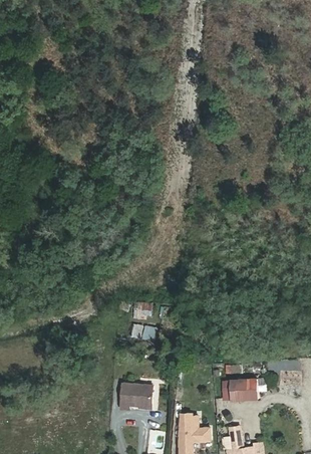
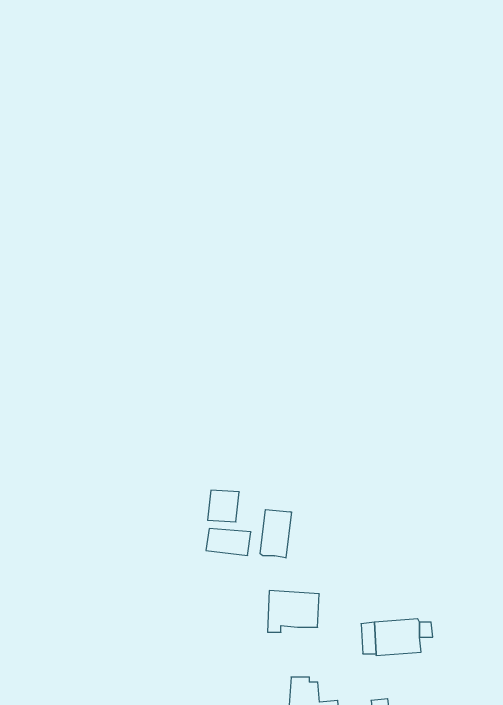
building: none -> [260,510,291,558]
building: [120,384,151,409] -> [268,591,319,632]

